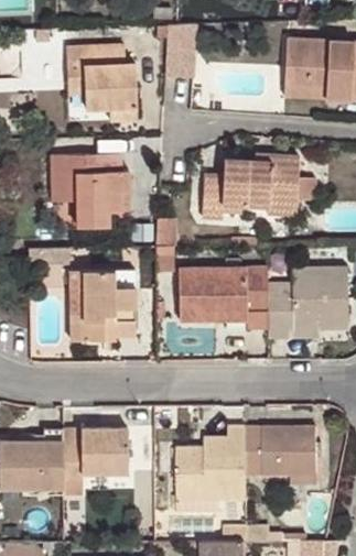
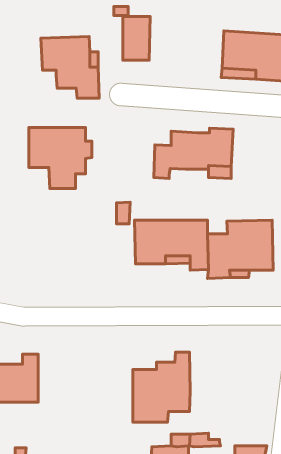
building: [77,271,133,341] -> none
building: [245,427,315,484] -> none
building: [62,428,127,494] -> none

